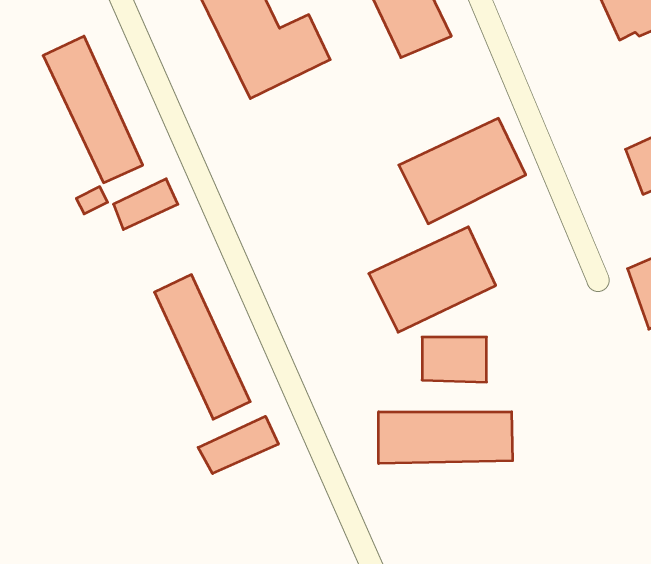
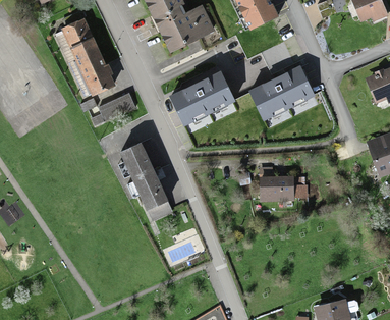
building: [369,227,496,332] -> [169,68,235,123]
building: [379,412,513,464] -> none
building: [198,416,278,474] -> none

